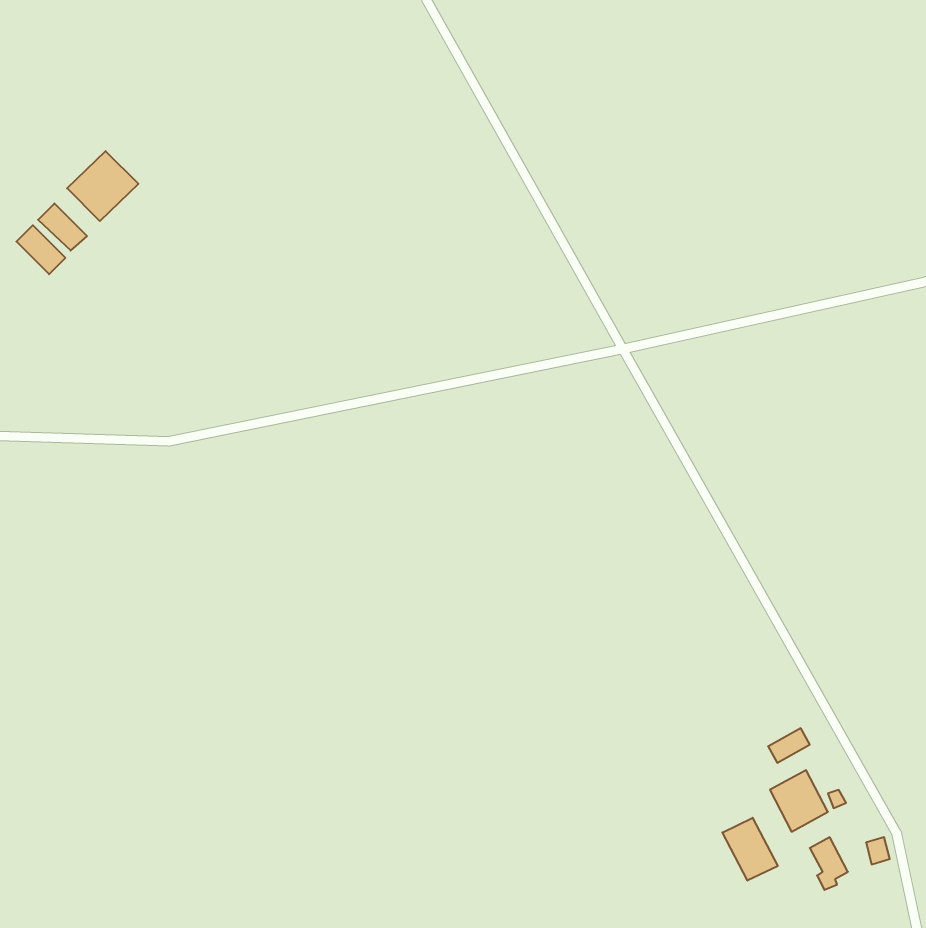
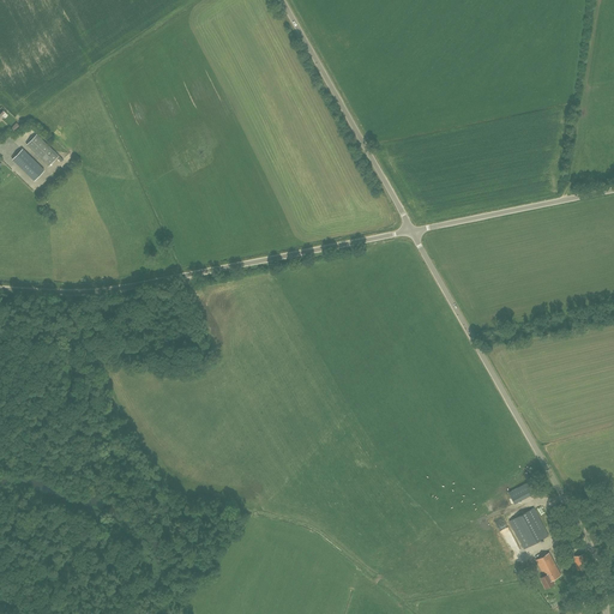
building: [67,151,138,221] -> none
building: [722,818,778,881] -> none

